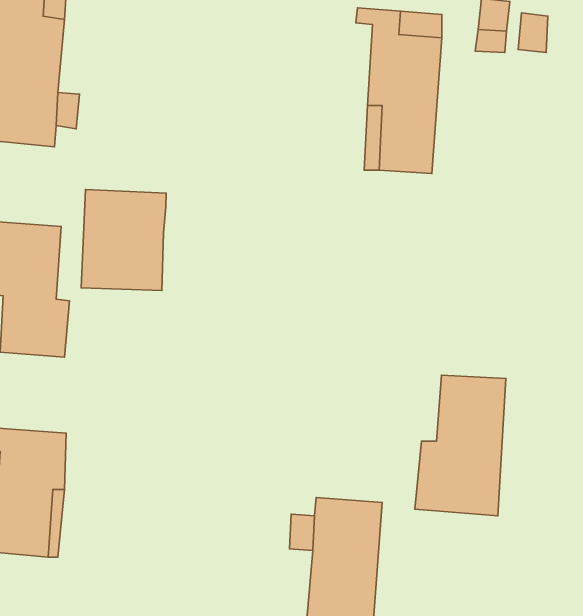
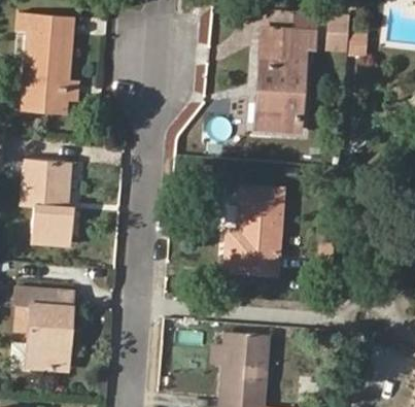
building: [81,189,166,290] -> none
building: [415,375,506,516] -> [224,186,281,274]

